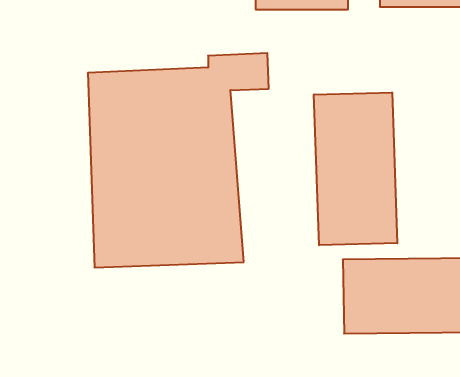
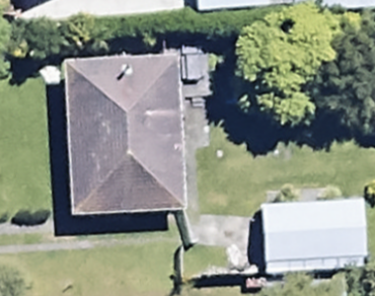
building: [314,92,397,245] -> none

